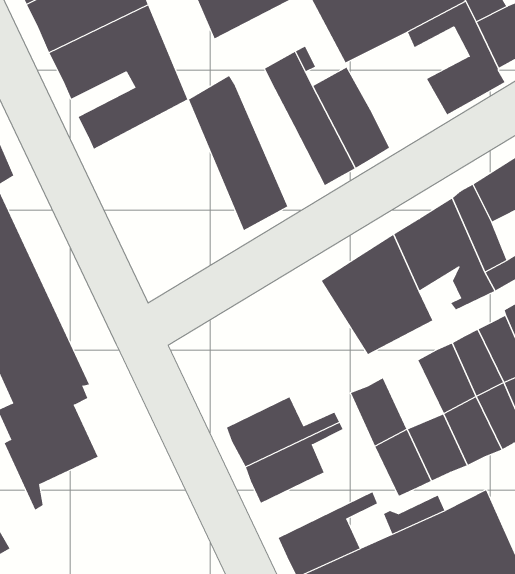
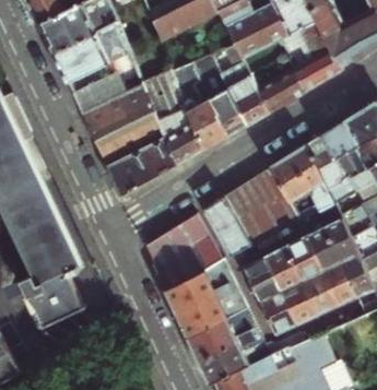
building: none -> [170,63,227,151]
building: none -> [257,70,305,114]
building: none -> [81,83,176,198]
building: none -> [203,198,255,256]
building: none -> [144,215,226,291]
building: none -> [264,248,303,292]
building: none -> [187,319,258,361]

